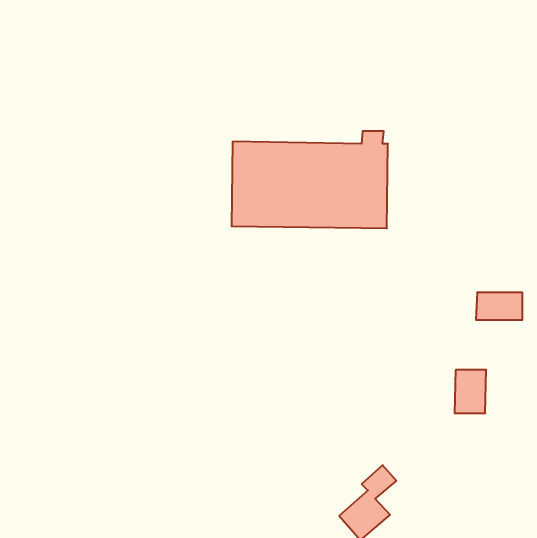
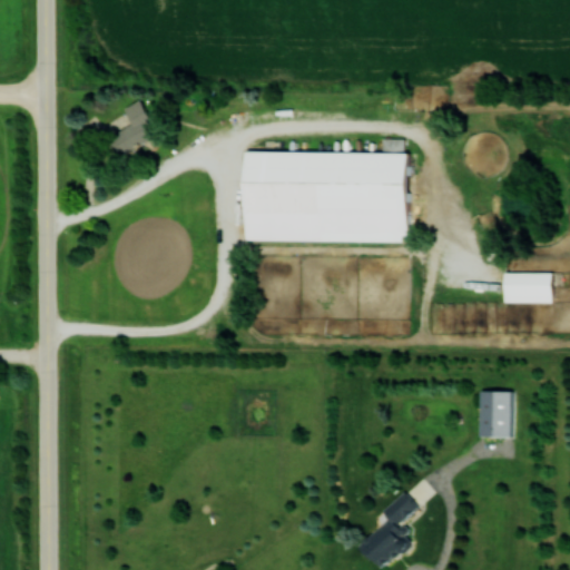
building: none -> [107,100,157,157]
building: [476,292,522,320] -> [502,274,551,303]

